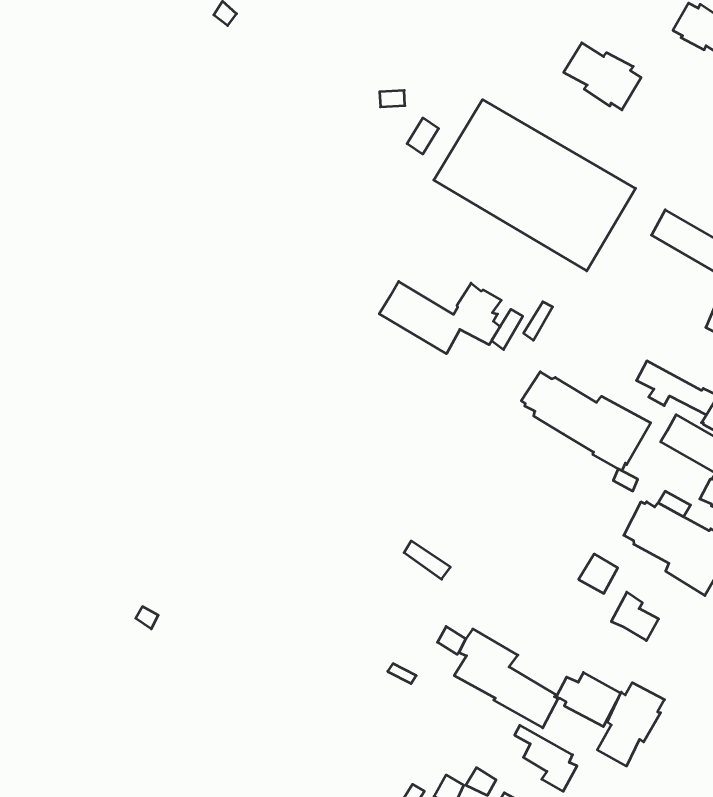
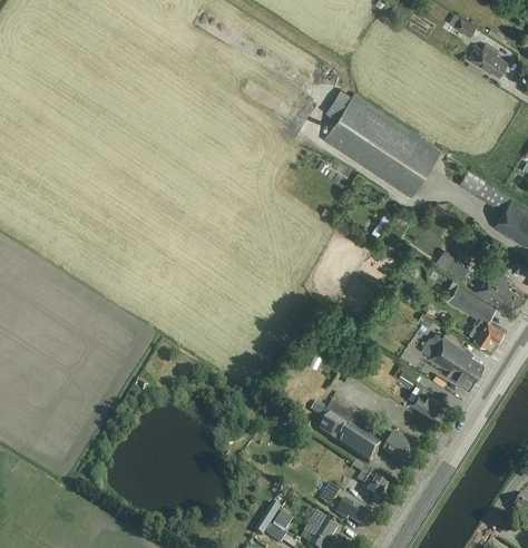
building: [564,43,641,110] -> none
building: [379,281,501,354] -> none
building: [521,372,651,471] -> none
building: [597,683,665,766] -> none

